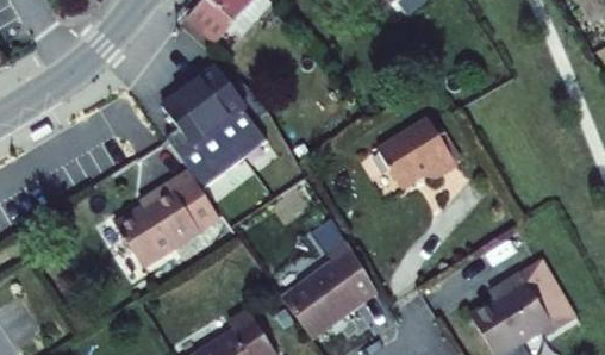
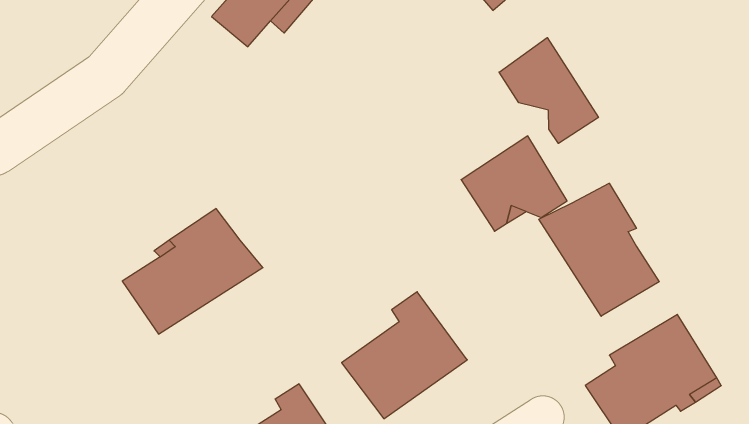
building: none -> [499,38,598,143]
building: [167,71,258,197] -> none
building: none -> [539,183,659,316]

